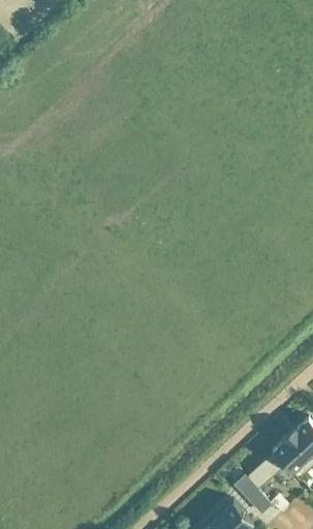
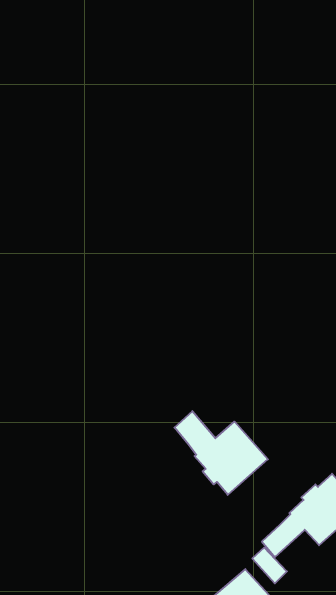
building: none -> [174,411,268,495]

